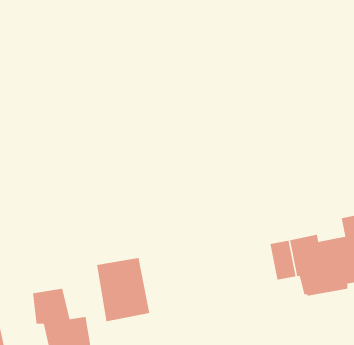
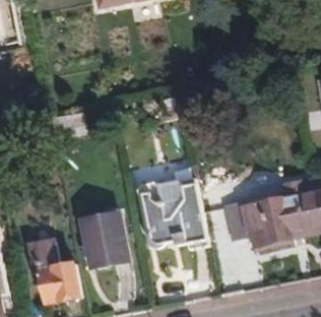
building: none -> [138,177,209,250]

